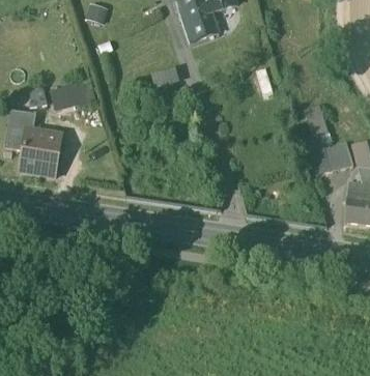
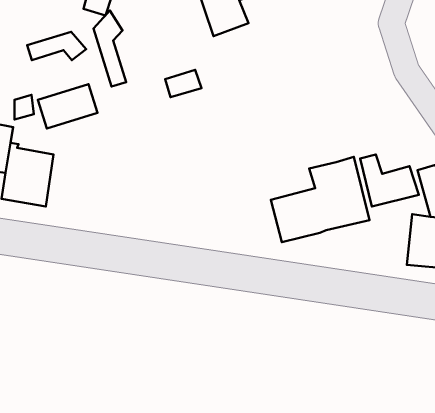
building: none -> [94,11,126,87]
building: none -> [27,32,86,60]
building: none -> [271,157,370,242]

